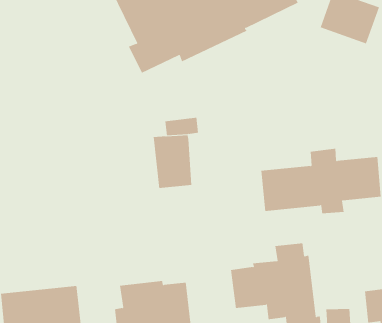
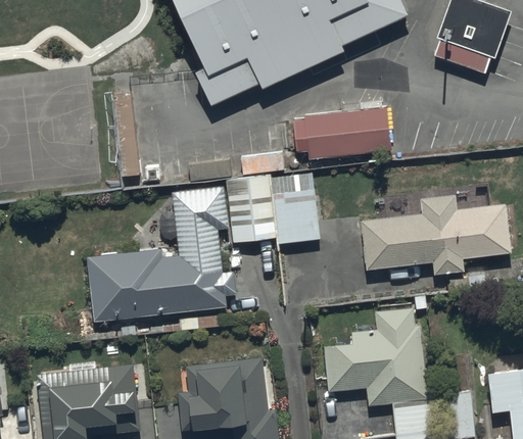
building: none -> [291,109,391,159]
building: none -> [271,178,320,246]
building: none -> [87,186,234,322]

